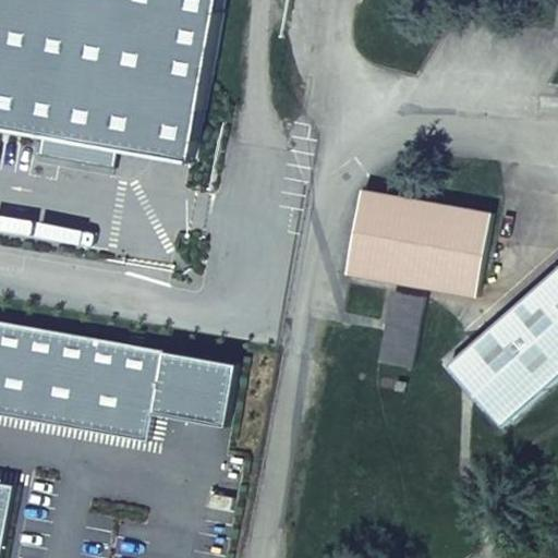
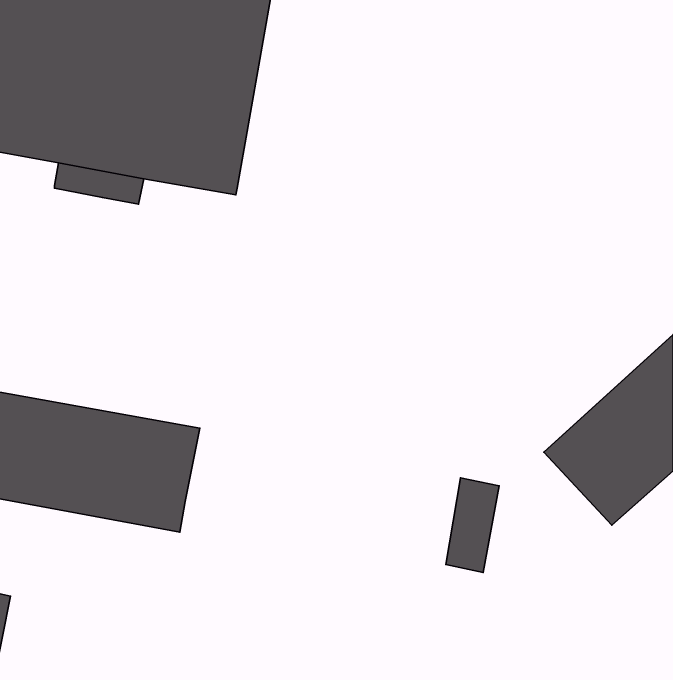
building: [347,193,493,295] -> none
building: [378,291,422,368] -> [446,478,499,573]
building: [151,350,235,424] -> none

